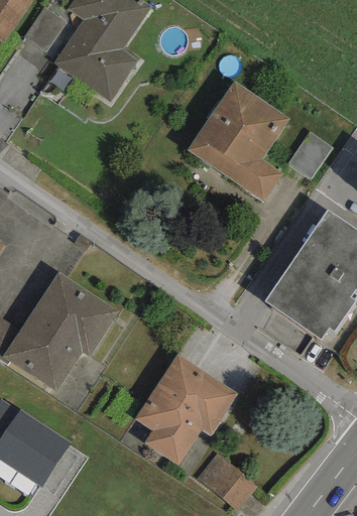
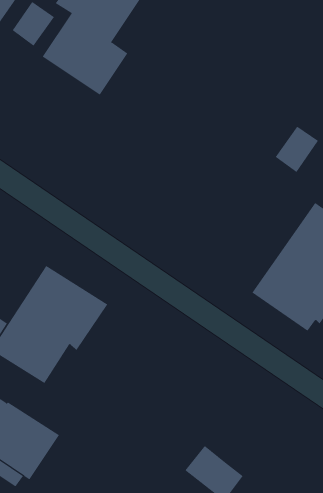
building: [187,80,289,202] -> none
building: [134,354,237,465] -> none

